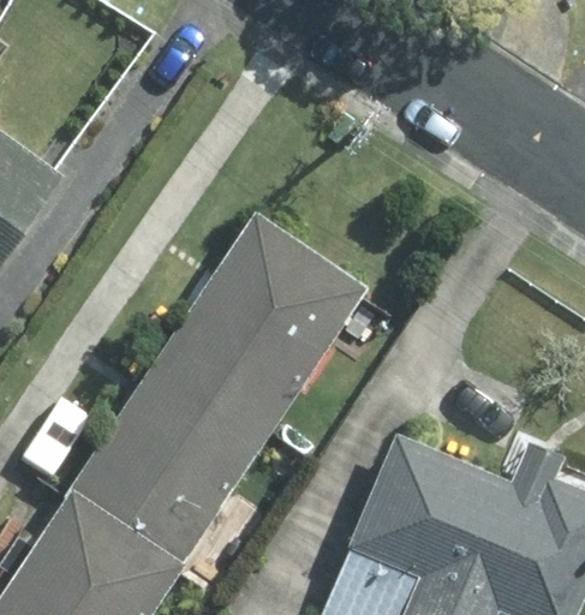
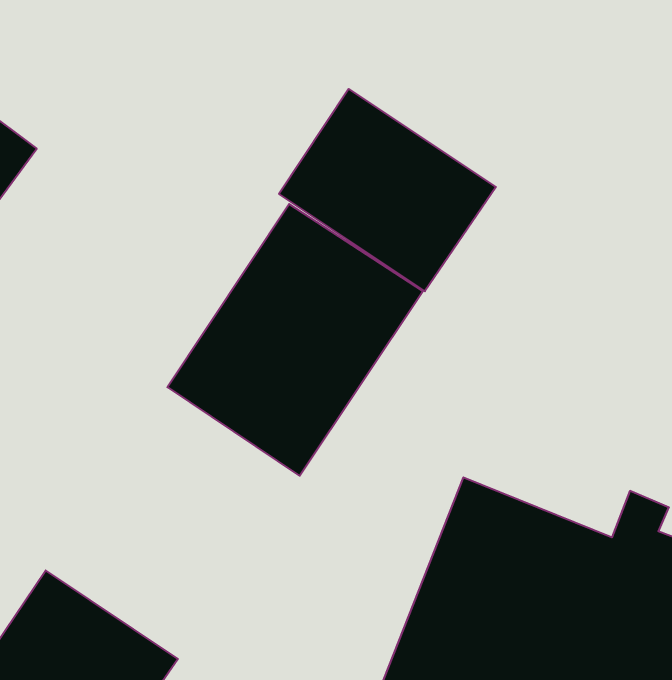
building: none -> [279,89,496,291]
building: [61,362,264,579] -> none

